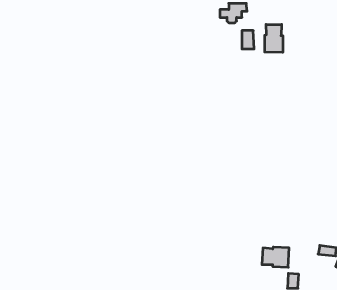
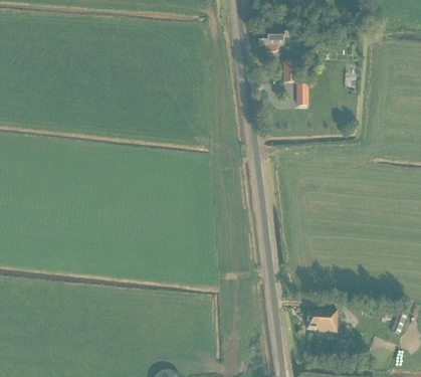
building: [265,24,283,52] -> none

